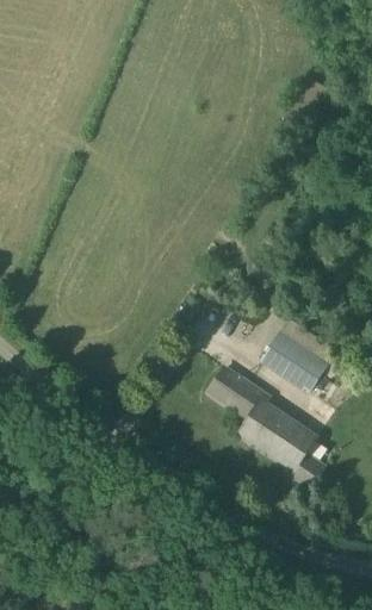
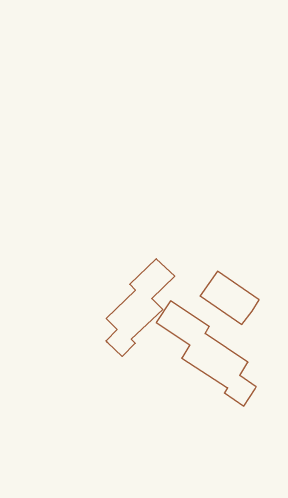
building: none -> [106,259,175,356]

